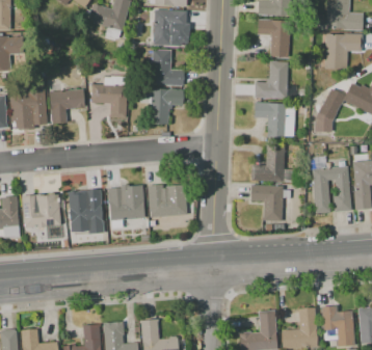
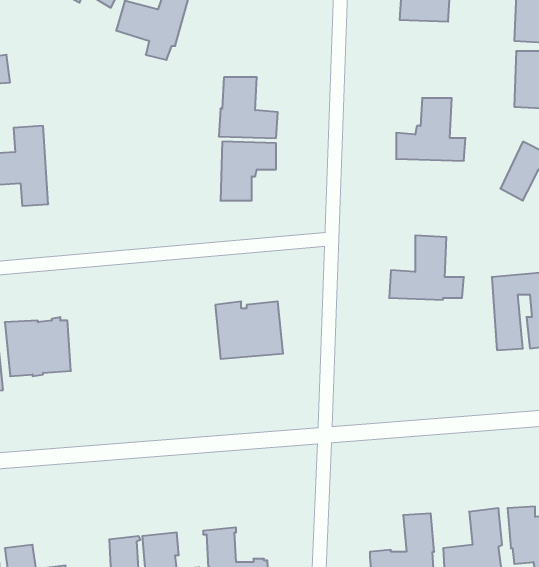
building: [152,9,189,47] -> none
building: [257,19,290,57] -> none
building: [91,75,127,117] -> none
building: [49,84,84,125] -> none
building: [254,102,294,138] -> none
building: [107,184,144,220] -> none
building: [250,185,290,221] -> none
building: [69,188,103,232] -> none

